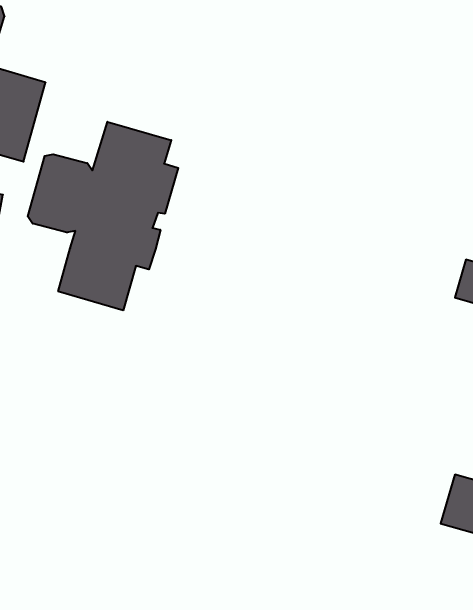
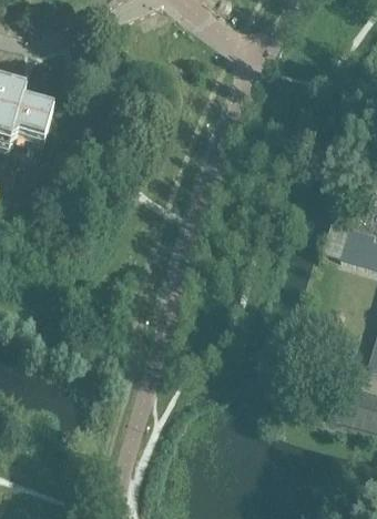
building: [28,122,178,310] -> none

